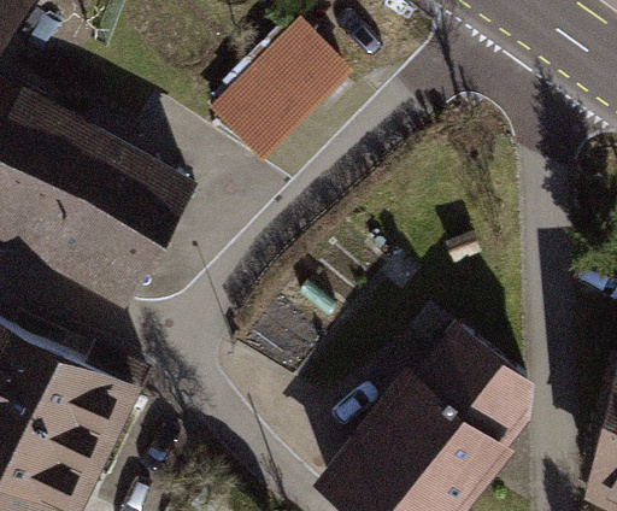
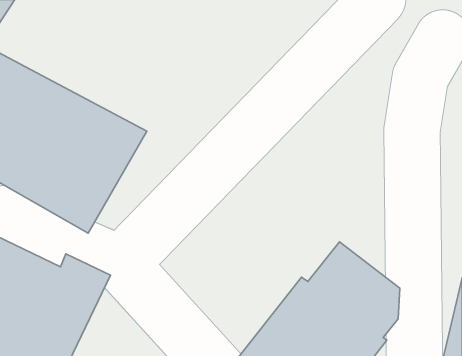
building: [202,17,347,161] -> none

